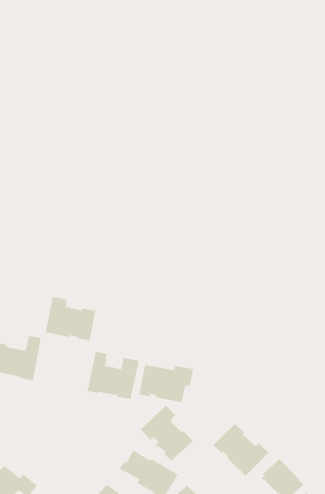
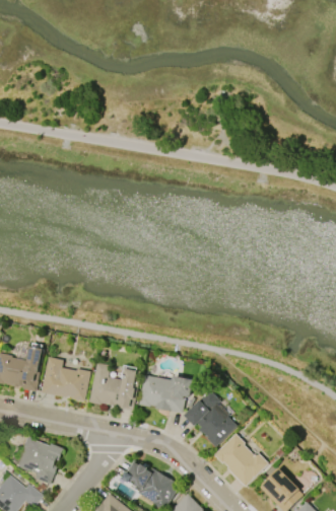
building: [45,297,96,341] -> [40,357,90,400]
building: [140,405,194,461] -> [184,390,237,446]
building: none -> [14,435,63,484]

